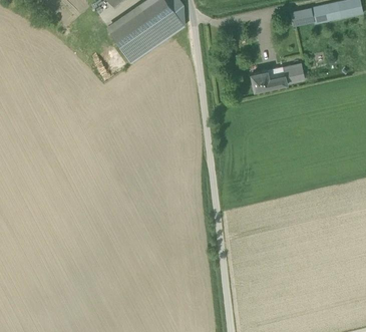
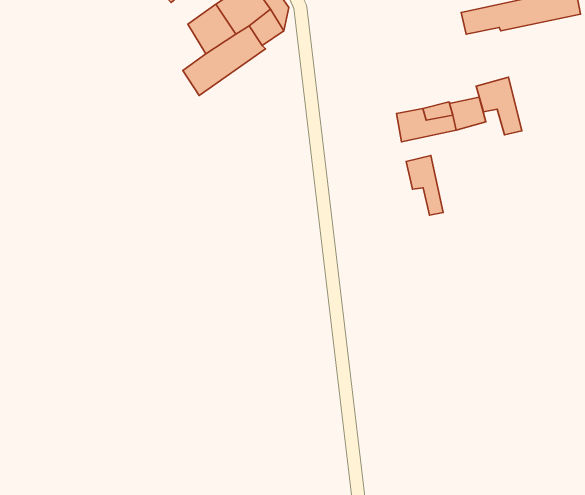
building: [108,19,135,47] -> none
building: none -> [476,77,522,135]
building: none -> [406,155,443,215]

